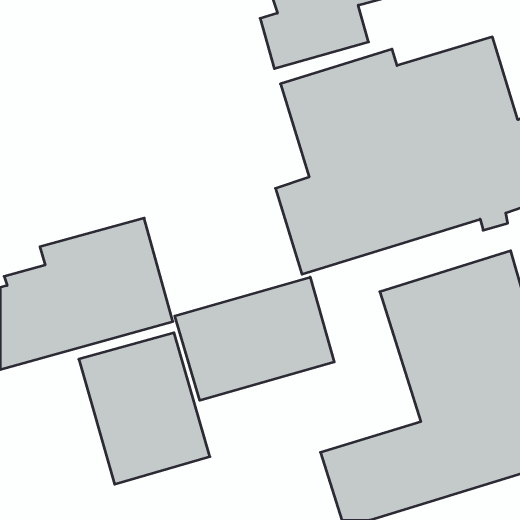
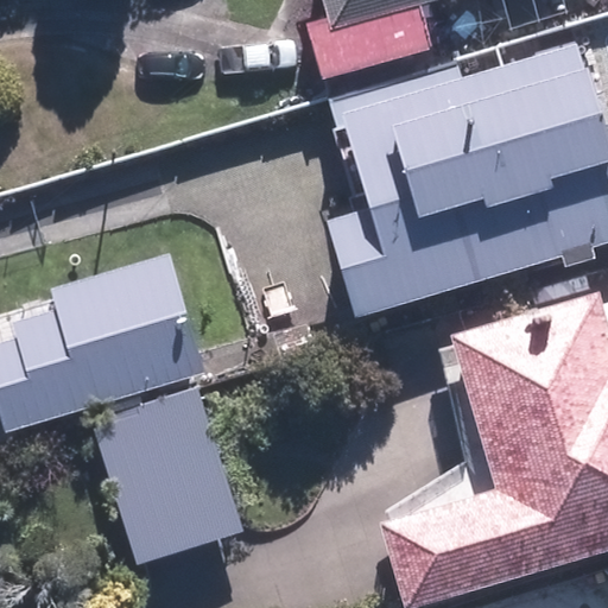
building: [175,277,334,400] -> none

